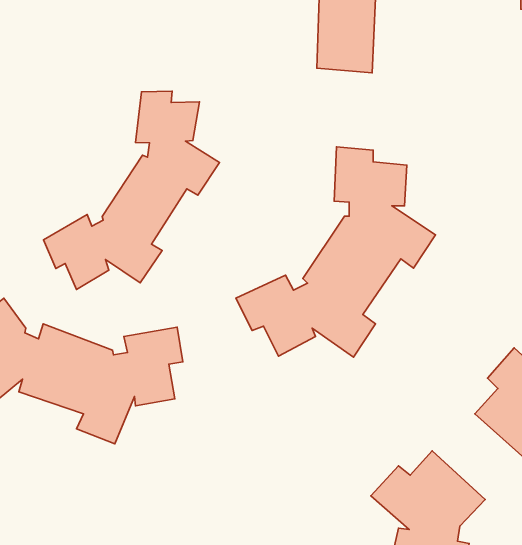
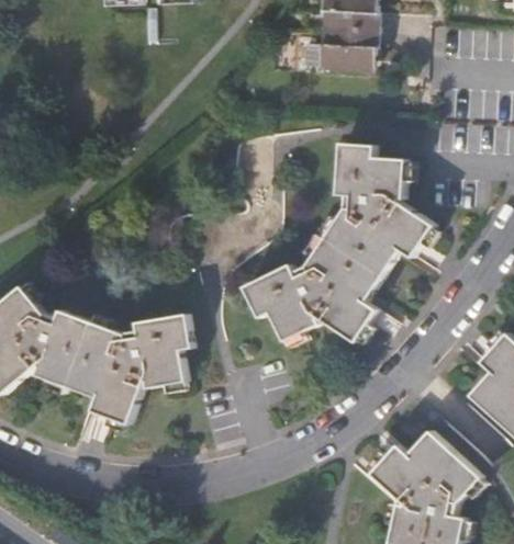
building: [44,91,220,290] -> none

